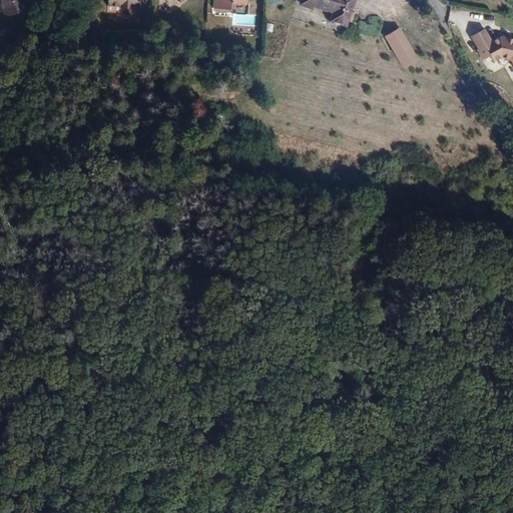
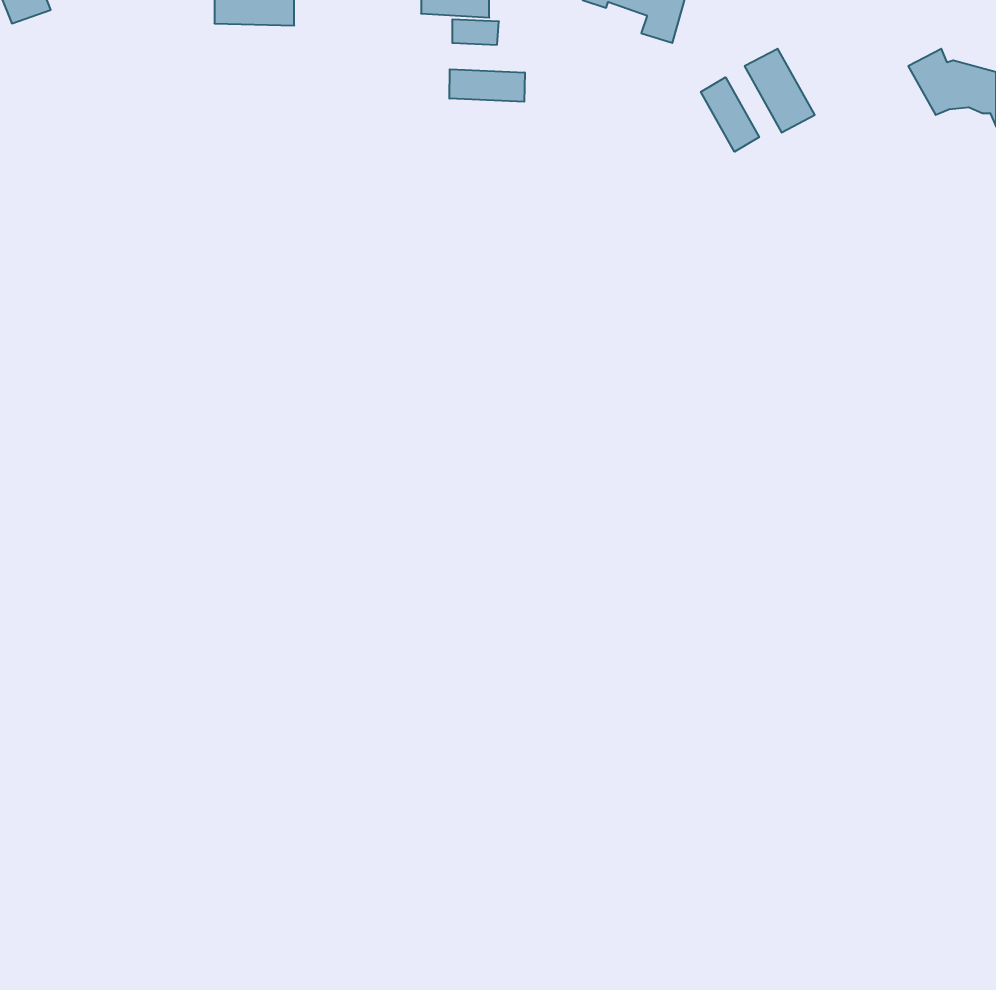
building: none -> [449,69,525,102]
building: none -> [701,77,759,152]

